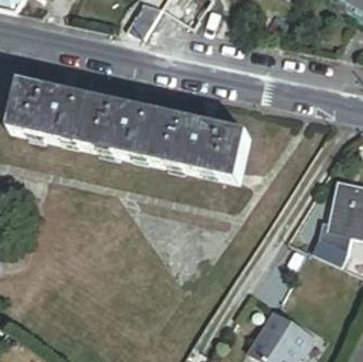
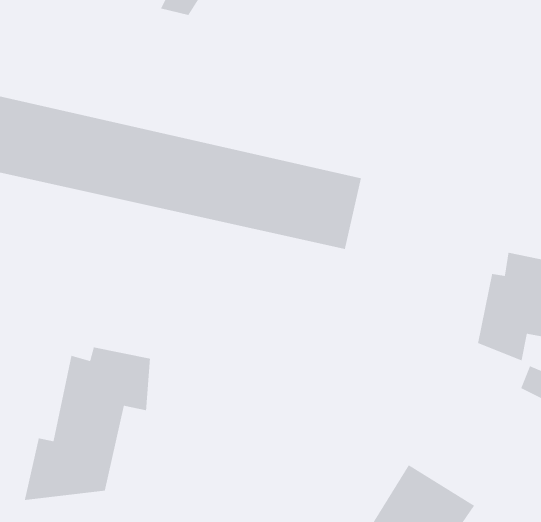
building: none -> [24,346,151,501]

